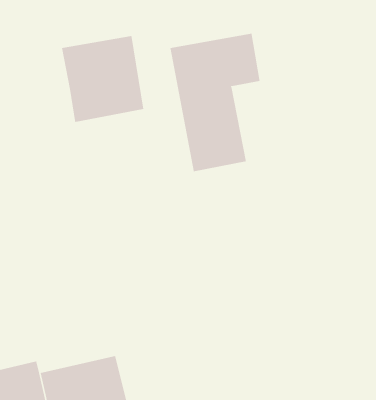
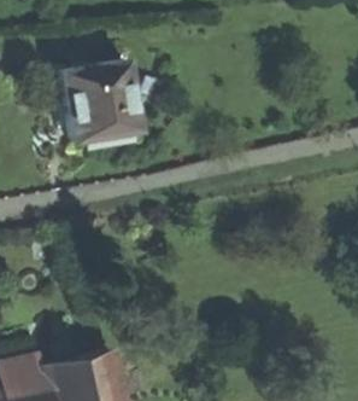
building: [170,33,260,172] -> none

